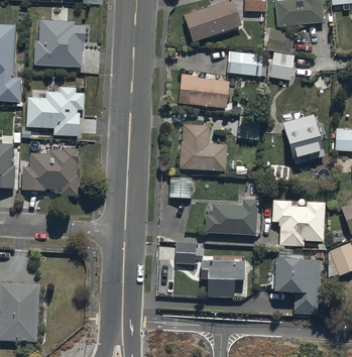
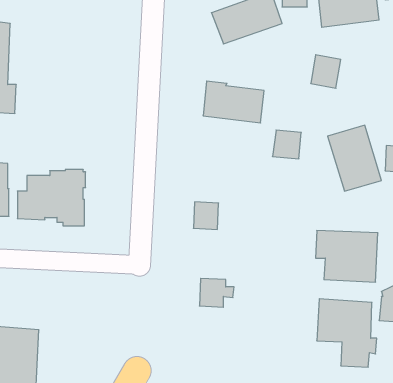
building: [35,19,86,69] -> none
building: [266,28,295,53] -> none
building: [226,50,267,76] -> none
building: [27,90,84,136] -> none
building: [180,124,229,170] -> none
building: [205,200,257,236] -> none
building: [201,260,245,298] -> none

